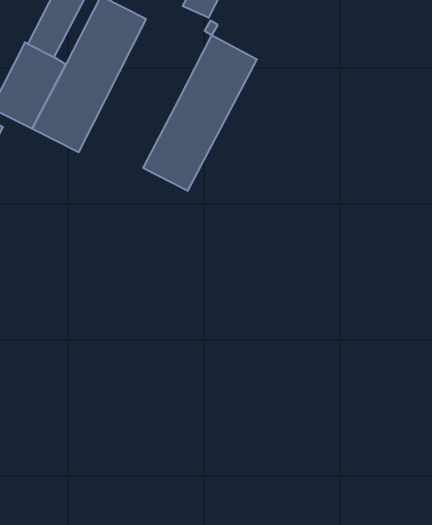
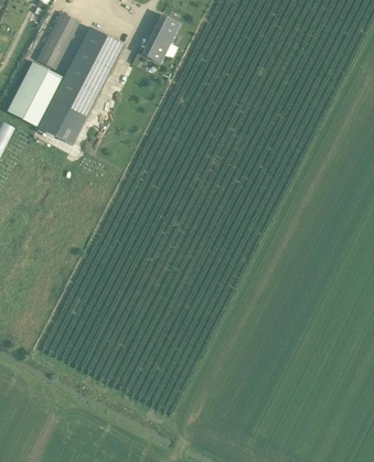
building: none -> [140,34,170,64]
building: [143,35,257,191] -> none

